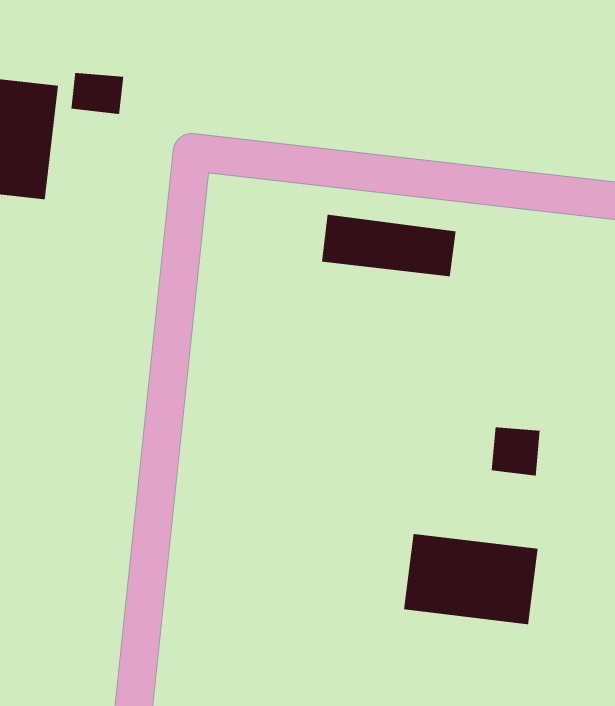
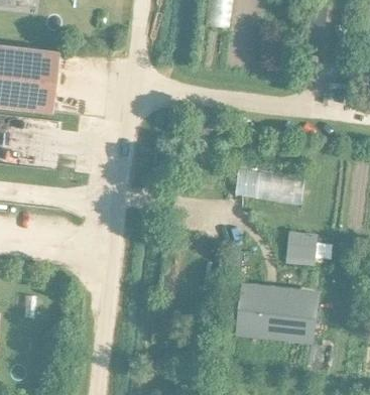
building: [71,72,124,115] -> none
building: [321,214,456,277] -> [231,170,302,204]

